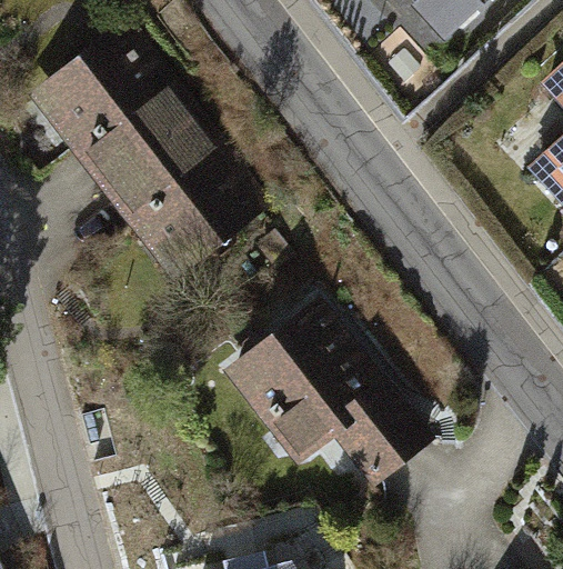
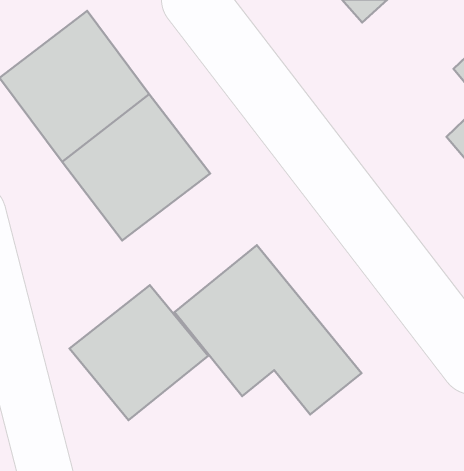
building: none -> [70,285,208,420]

